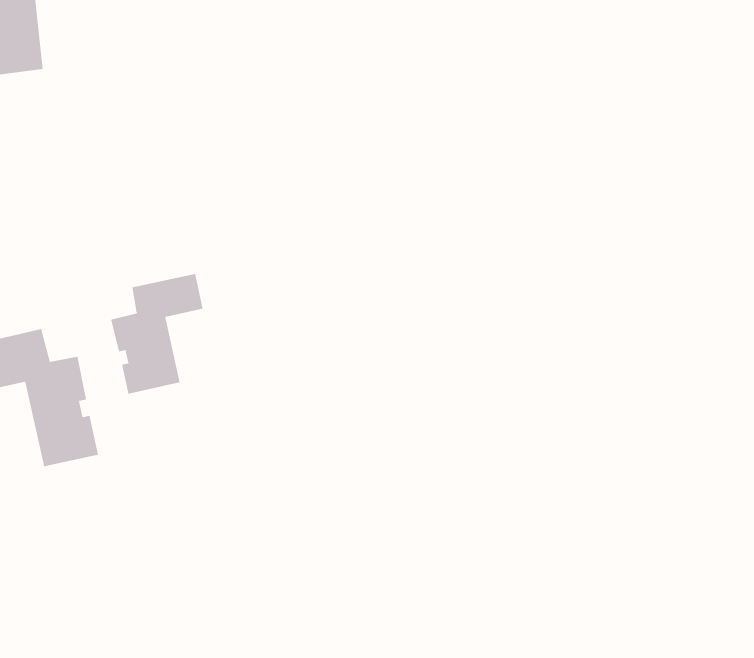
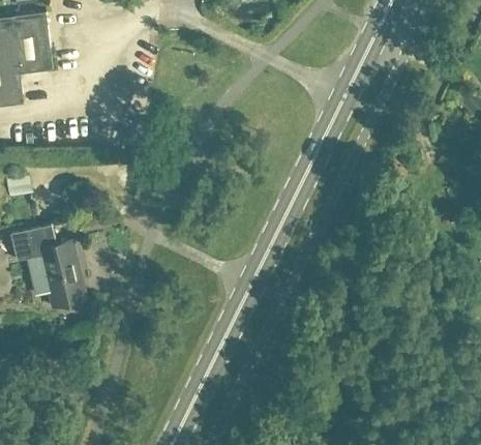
building: [110,273,203,395] -> none

